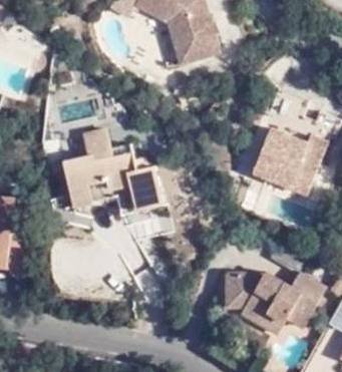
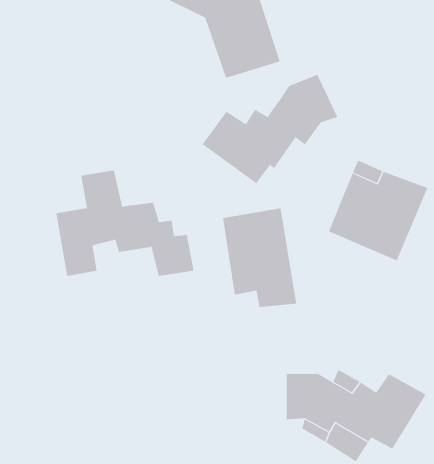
building: none -> [202,74,338,184]
building: none -> [222,207,297,308]

